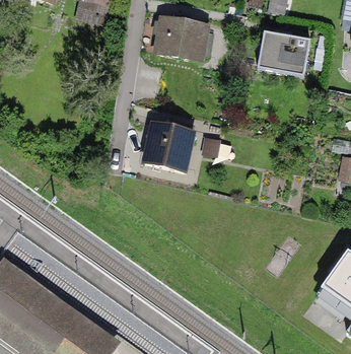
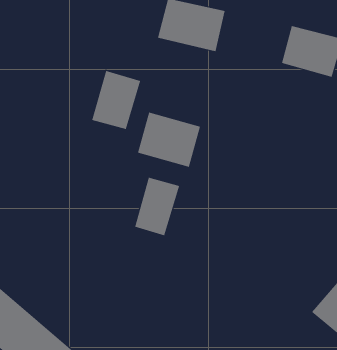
building: none -> [92,70,141,130]
building: none -> [134,177,180,236]

